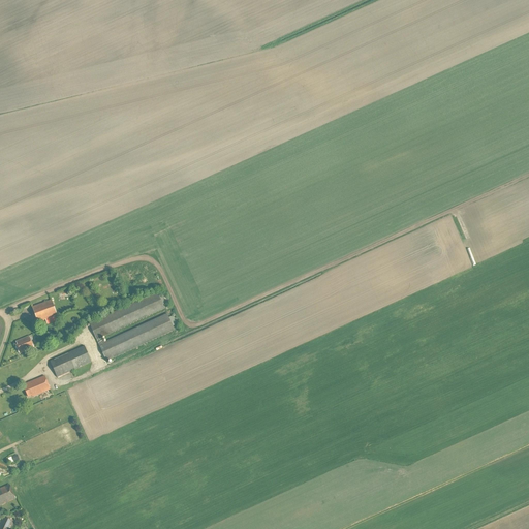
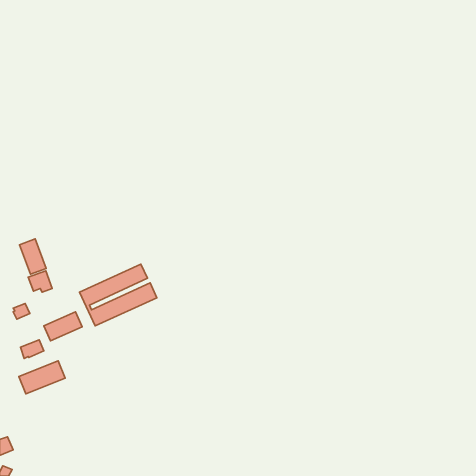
building: none -> [20,239,46,274]
building: none -> [19,361,65,394]

